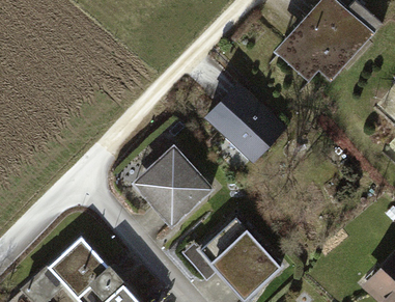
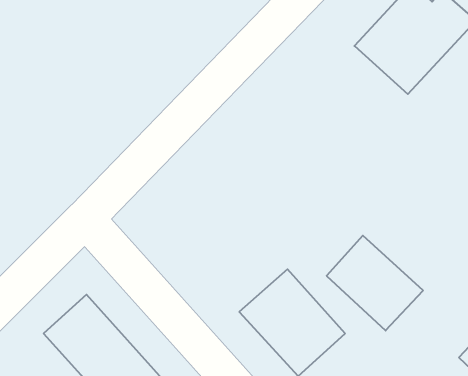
building: [209,85,284,159] -> [327,236,423,331]
building: [144,146,211,224] -> none

